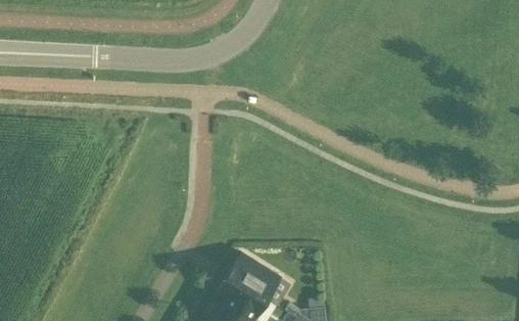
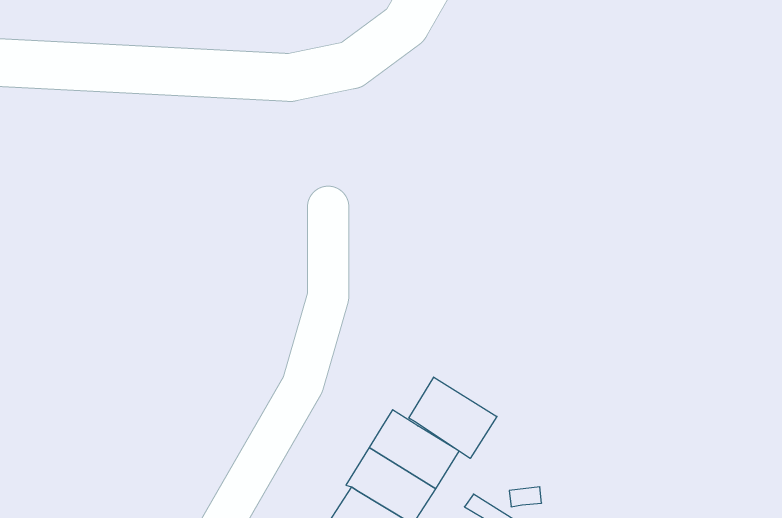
building: none -> [409,377,497,458]

